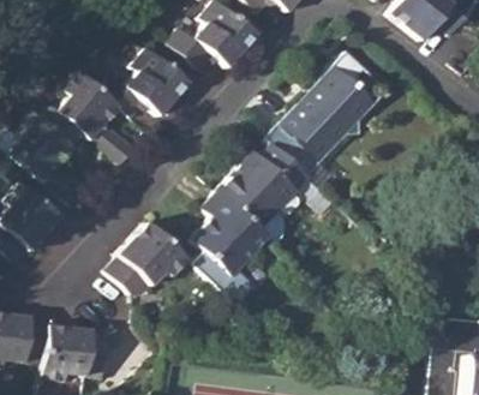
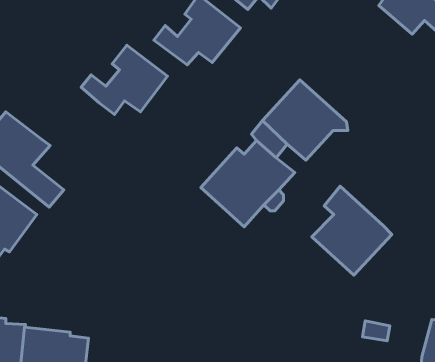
building: [316,50,376,124] -> none
building: [30,72,134,163] -> none
building: [192,187,270,274] -> [312,186,392,275]
building: [107,221,187,293] -> none

